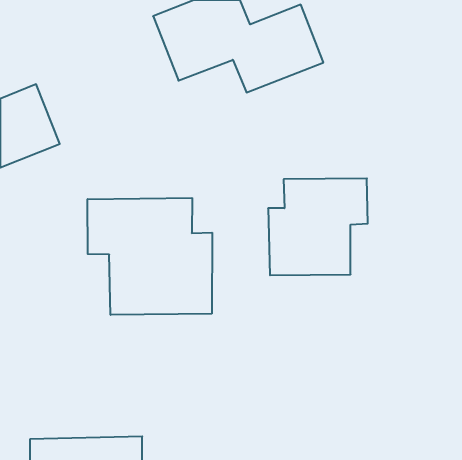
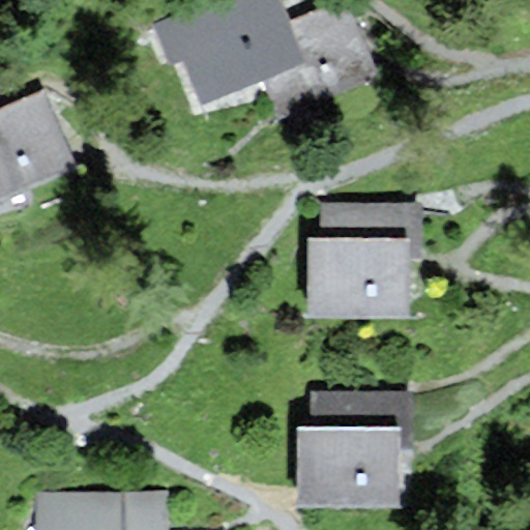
building: [88,198,212,315] -> none
building: none -> [293,396,418,507]

